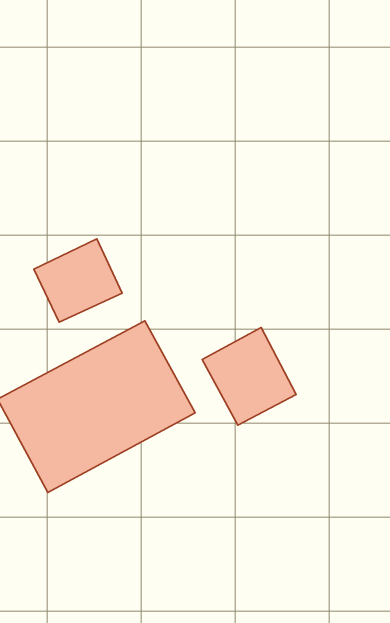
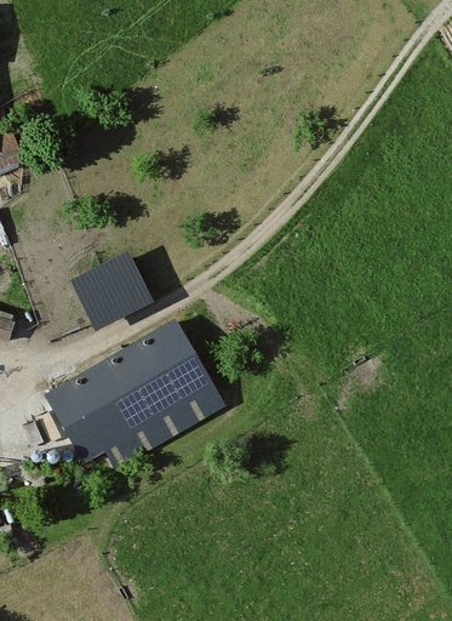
building: [202,327,296,425] -> none

